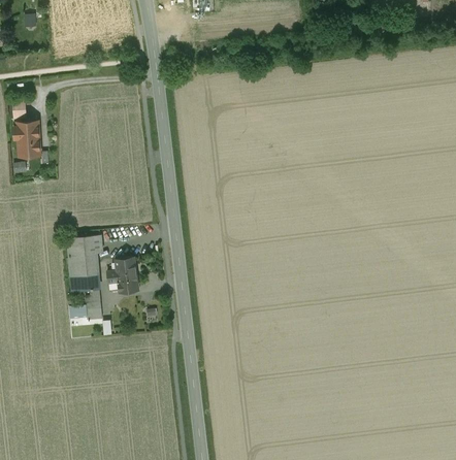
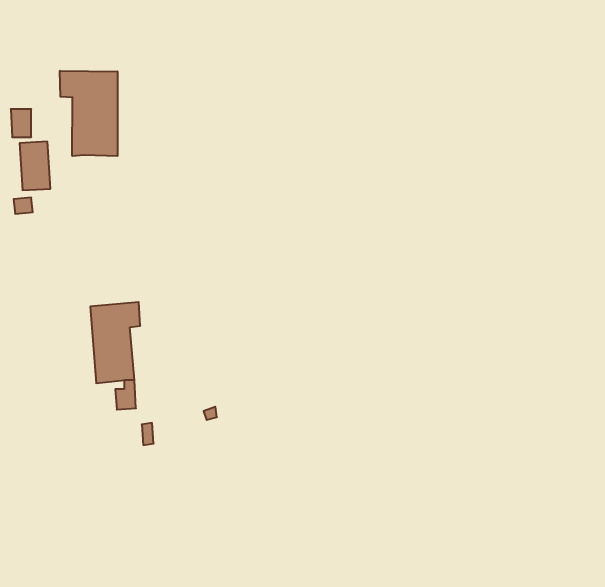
building: none -> [60,71,117,156]
building: [106,257,137,292] -> none

